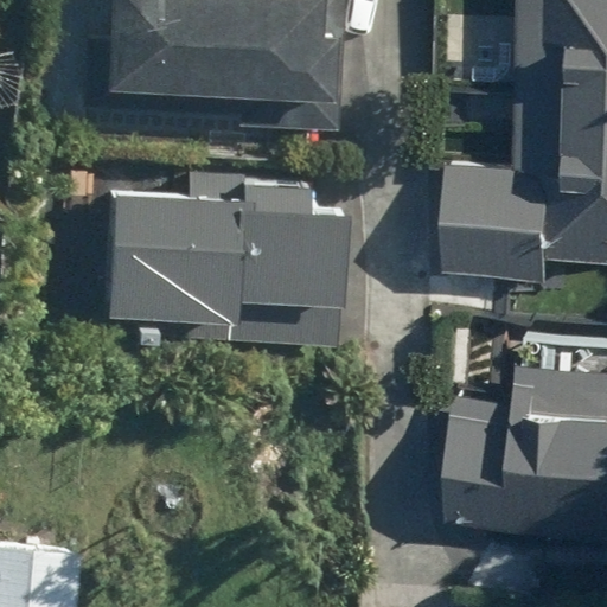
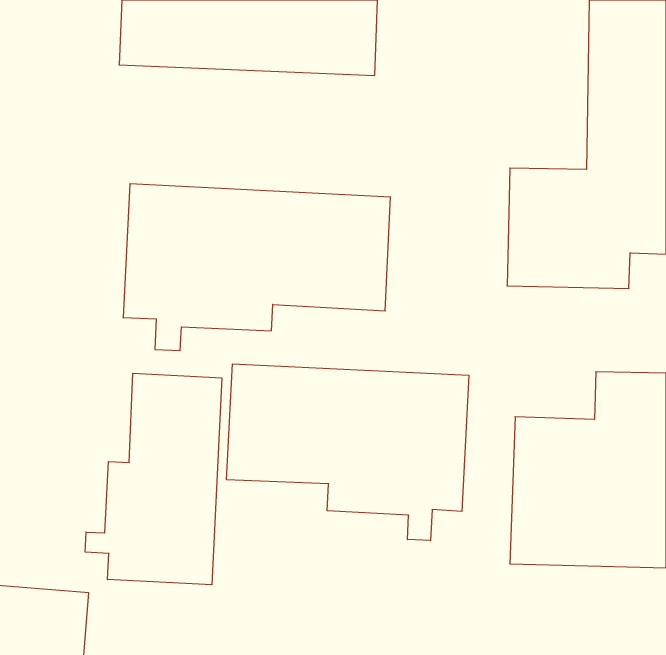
building: none -> [227,364,469,541]
building: none -> [85,373,222,585]

